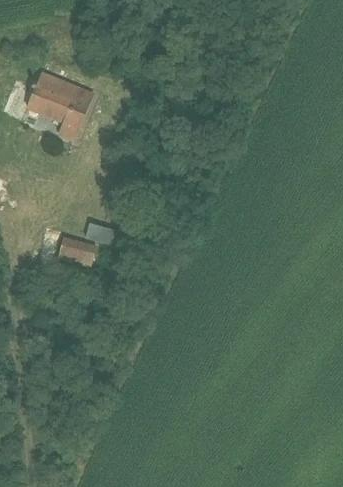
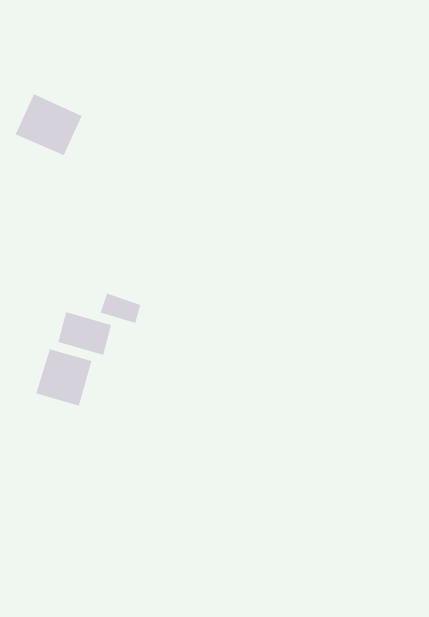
building: [57,89,93,138] -> none
building: none -> [35,349,92,407]

